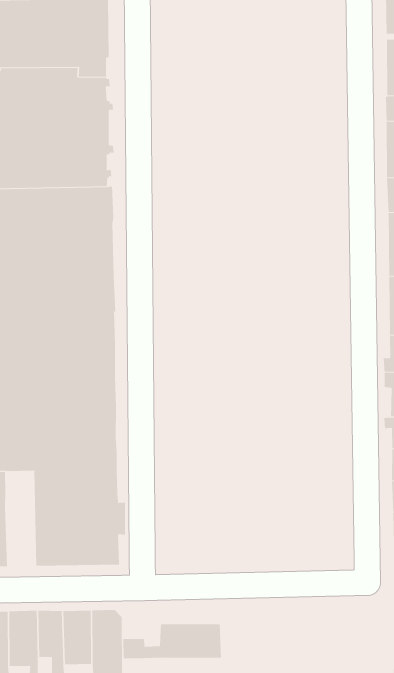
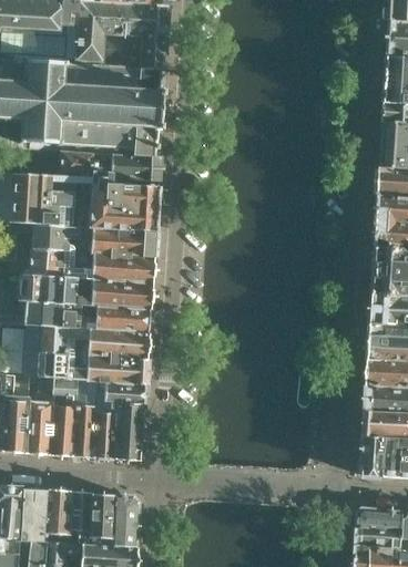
building: none -> [51,378,78,455]
building: [123,623,221,659] -> none

